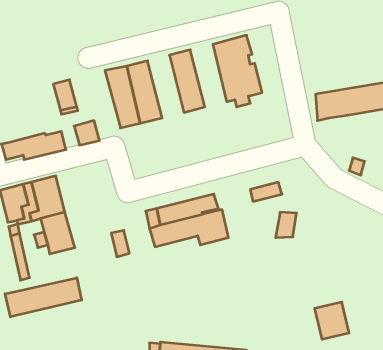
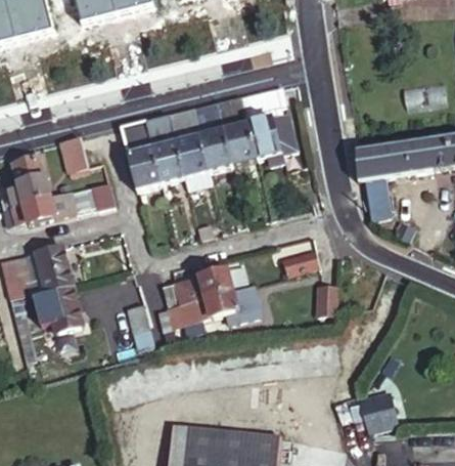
building: none -> [215,96,256,167]
building: none -> [167,109,212,192]
building: none -> [7,156,51,207]
building: none -> [371,176,399,217]
building: [5,278,82,317] -> none

